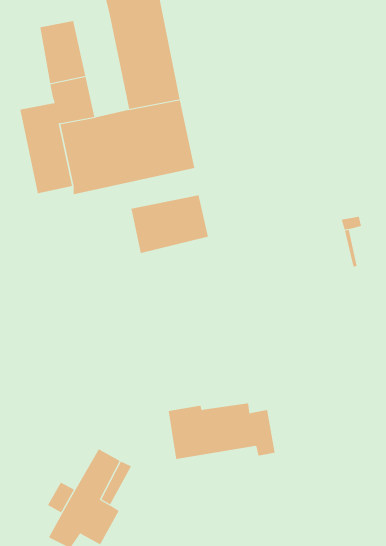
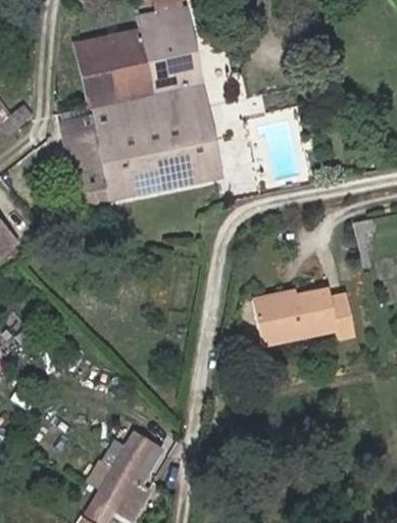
building: none -> [109,32,159,128]
building: [131,194,209,254] -> none
building: [168,403,276,460] -> [256,287,355,339]

